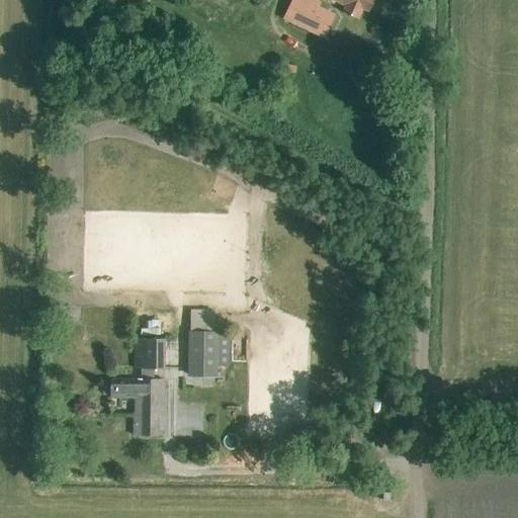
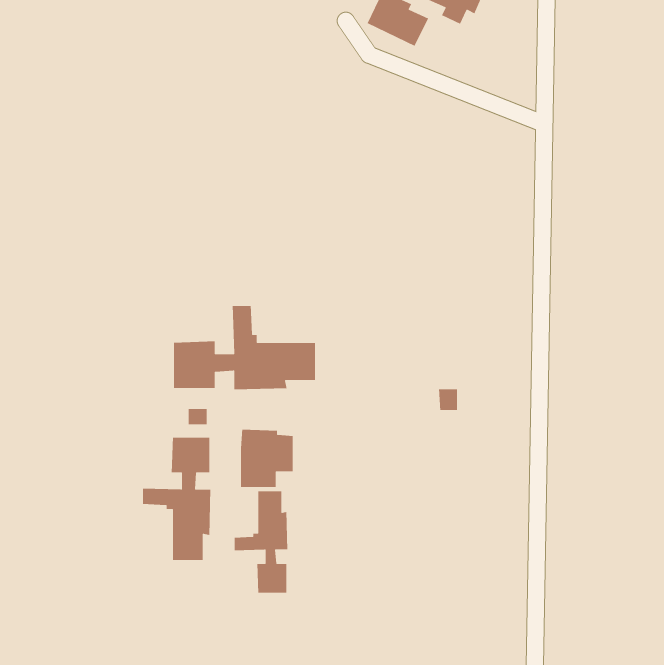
building: none -> [173,305,316,390]
building: none -> [234,491,288,593]

